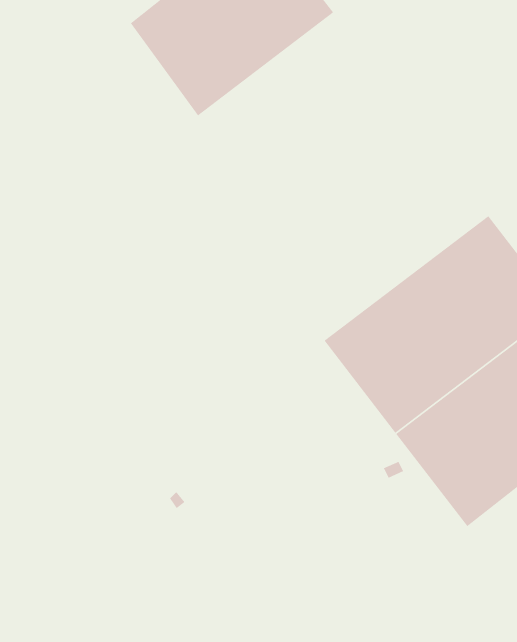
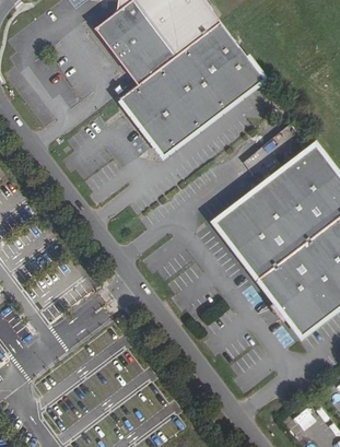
building: none -> [119,21,262,154]

